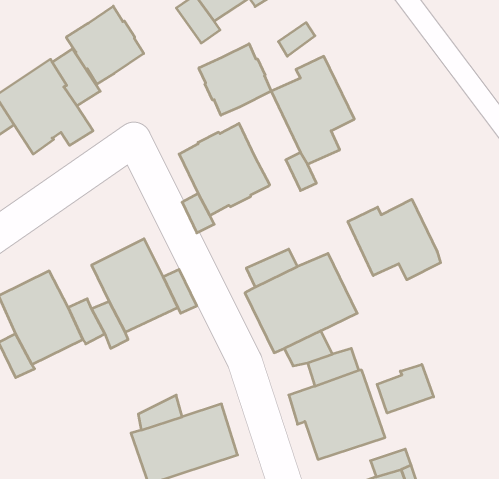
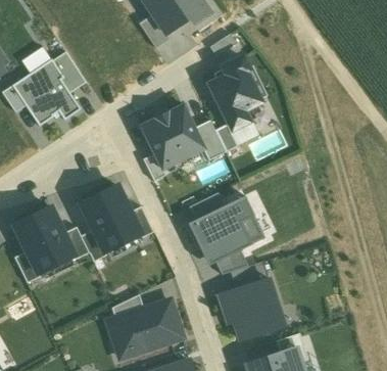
building: [67,6,144,84] -> none
building: [199,44,271,115] -> none
building: none -> [194,120,226,159]
building: [348,199,441,280] -> none
building: [377,364,434,413] -> none

